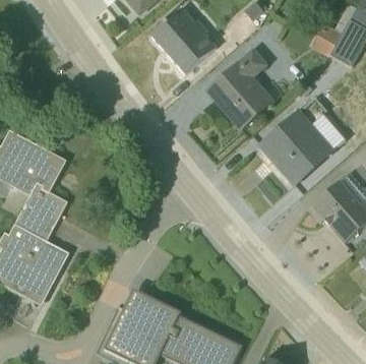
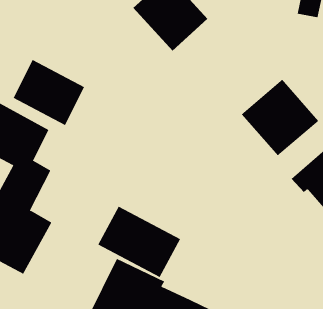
building: [207,49,272,128] -> none
building: none -> [13,59,85,126]
building: none -> [98,206,181,278]

